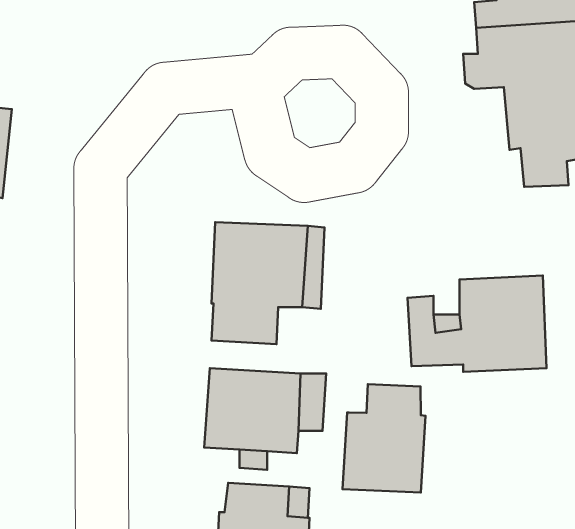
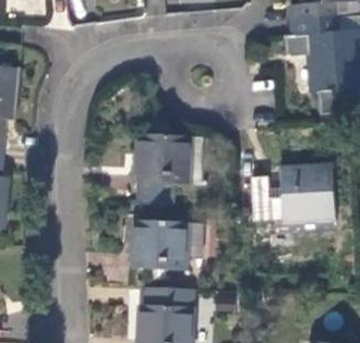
building: [342,384,425,493] -> none

